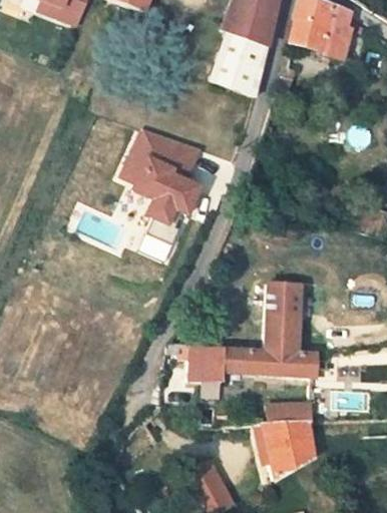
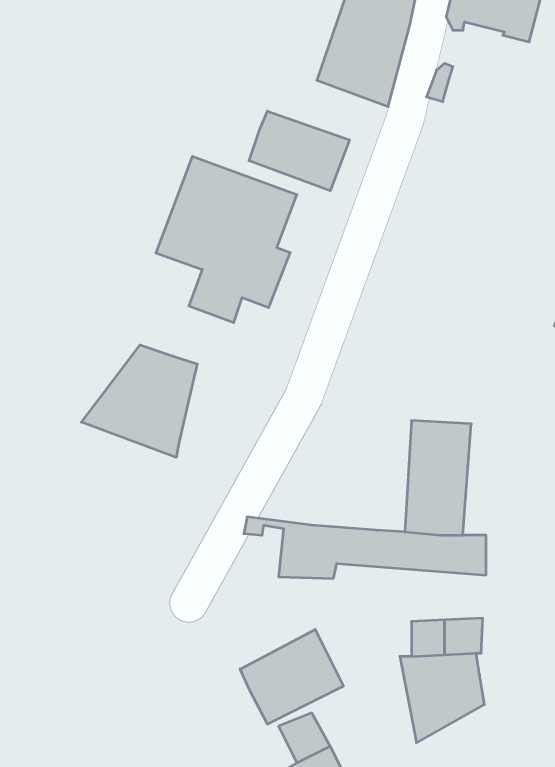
building: none -> [249,111,349,191]
building: none -> [81,345,197,457]
building: none -> [240,629,343,724]

